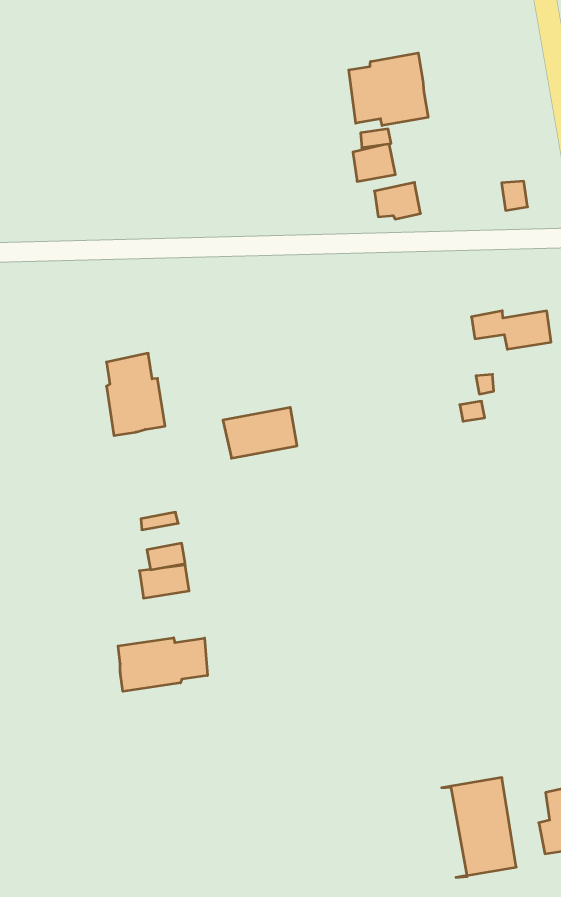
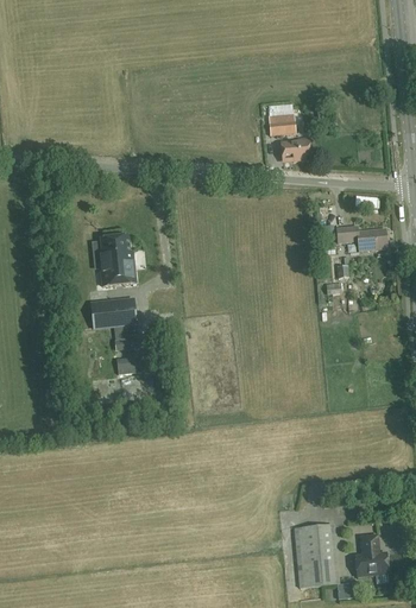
building: [349,53,428,126] -> none
building: [223,407,297,458] -> [88,298,134,328]
building: [118,638,207,691] -> none

